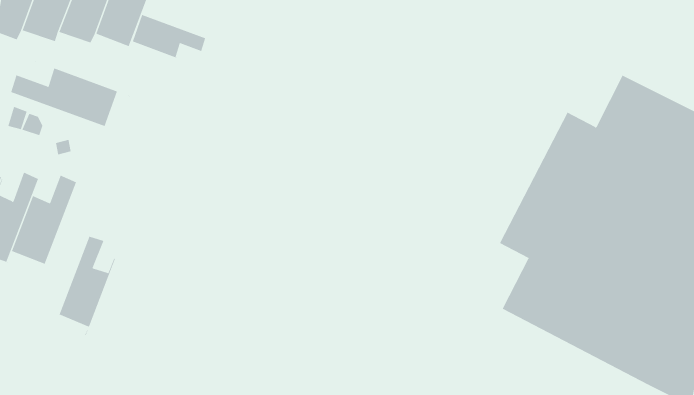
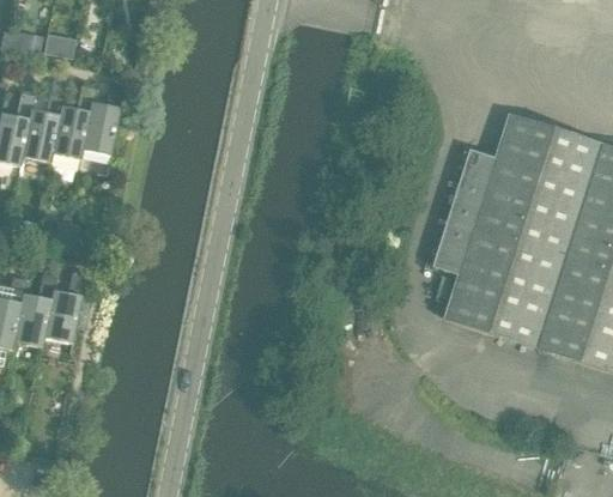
building: [132,14,206,63] -> none
building: [11,61,130,127] -> none
building: [59,236,116,336] -> none

